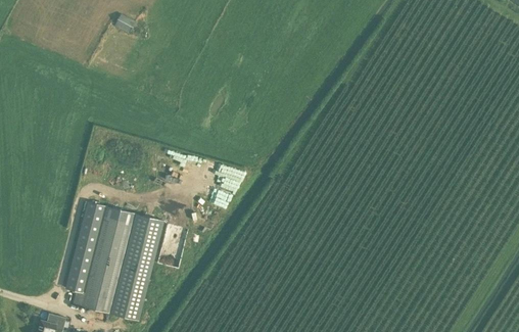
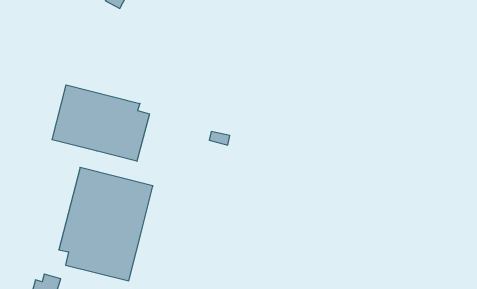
building: none -> [52,85,150,161]

